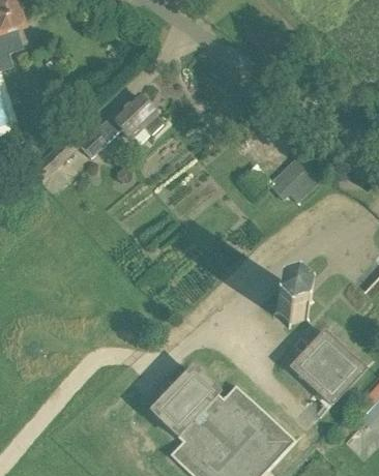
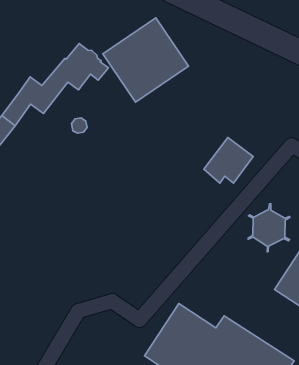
building: none -> [103,18,188,102]
building: [269,154,320,200] -> [204,138,253,183]

